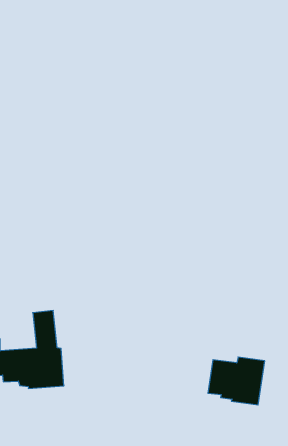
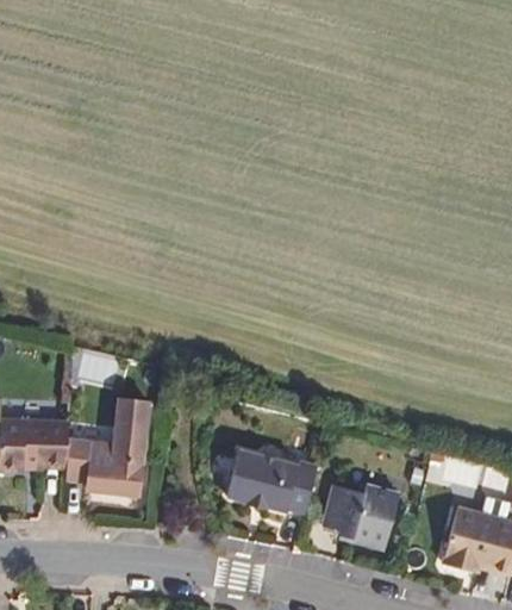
building: none -> [235,443,325,506]

